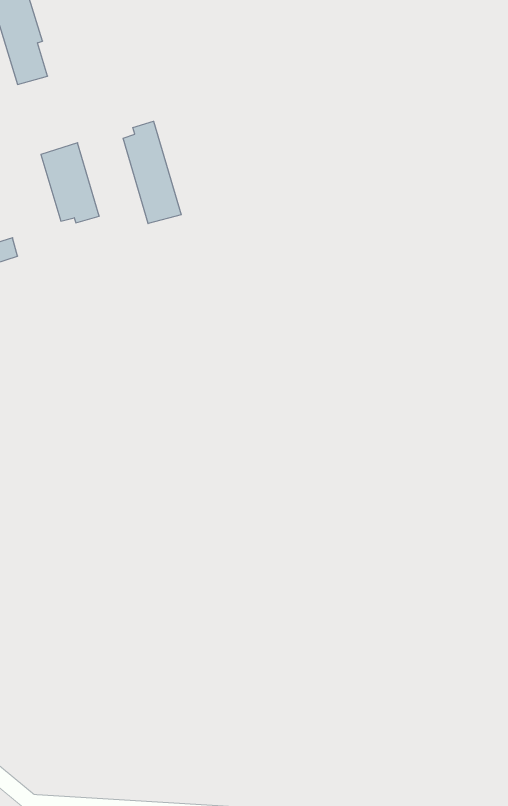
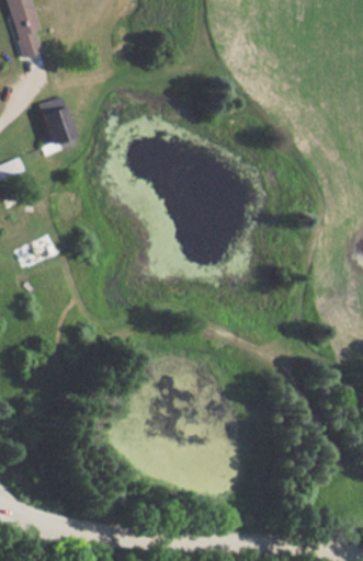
building: [123,121,181,224] -> none

